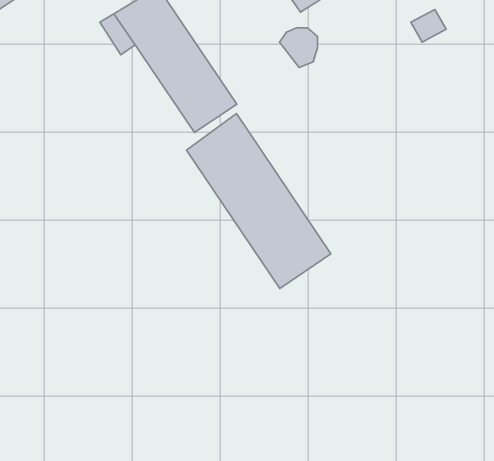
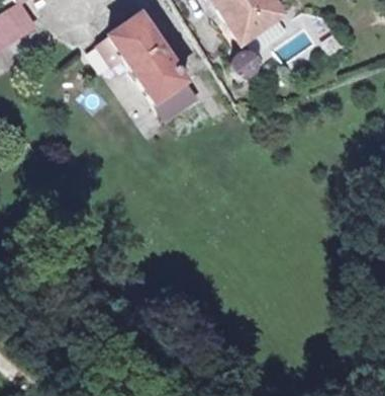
building: [187,113,331,288] -> none

